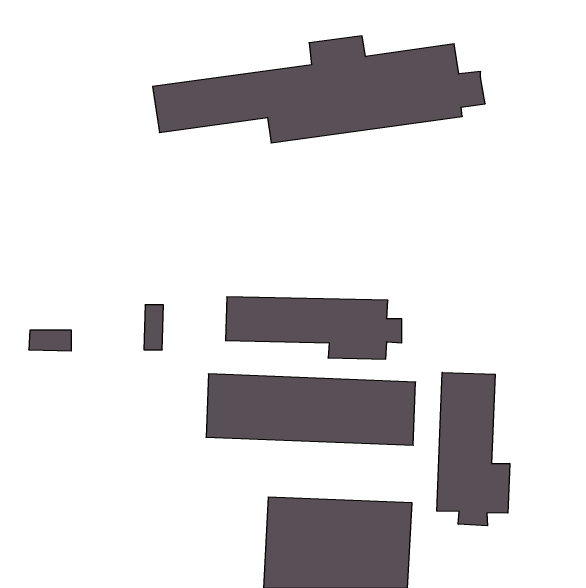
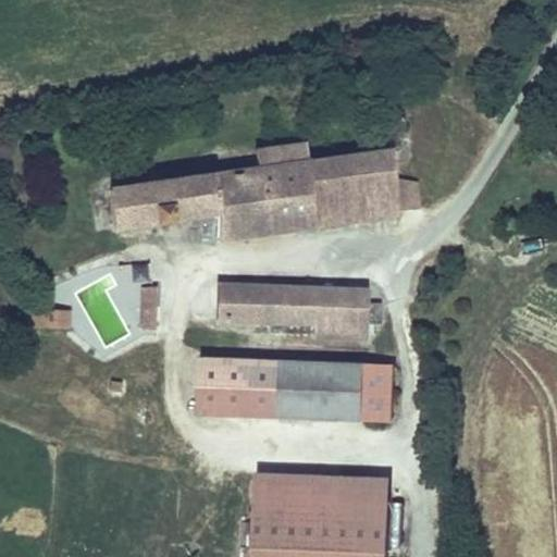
building: [153,36,485,143] -> [104,145,419,246]
building: [437,372,510,526] -> none

